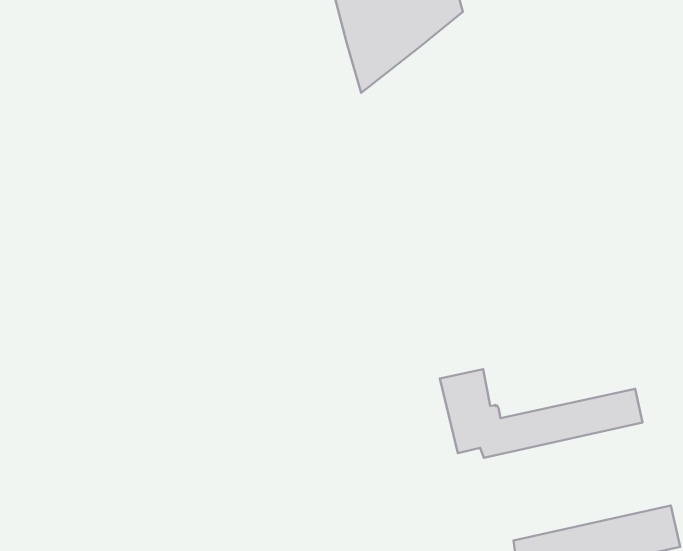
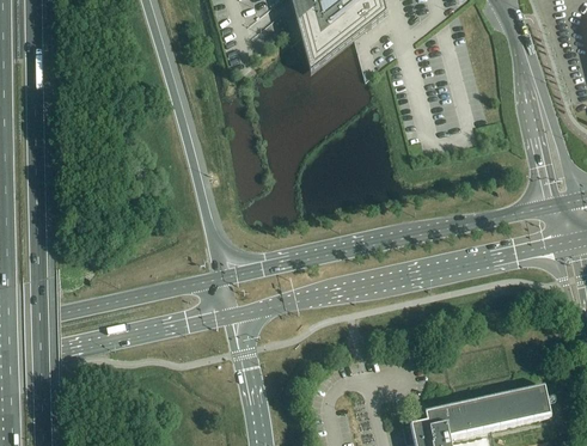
building: [440,369,642,458] -> none

